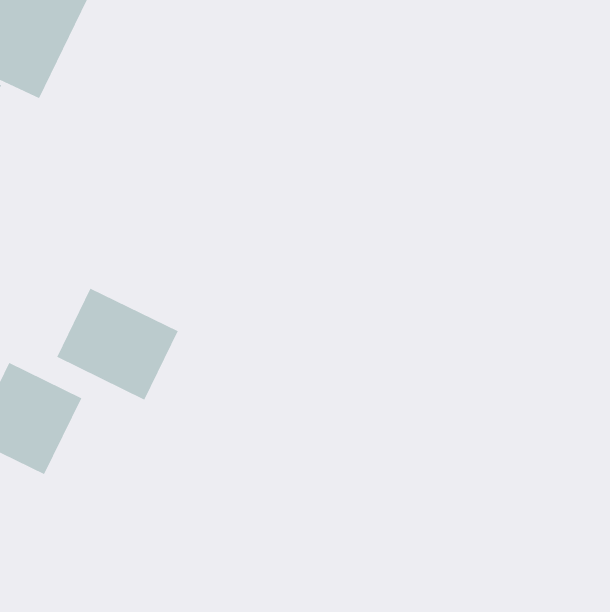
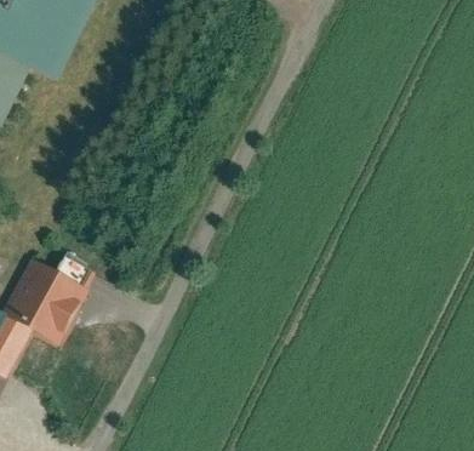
building: [56,288,179,400] -> none

